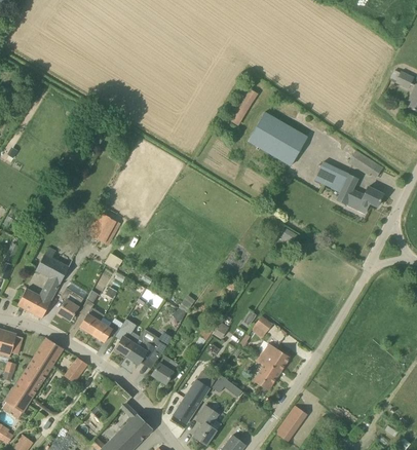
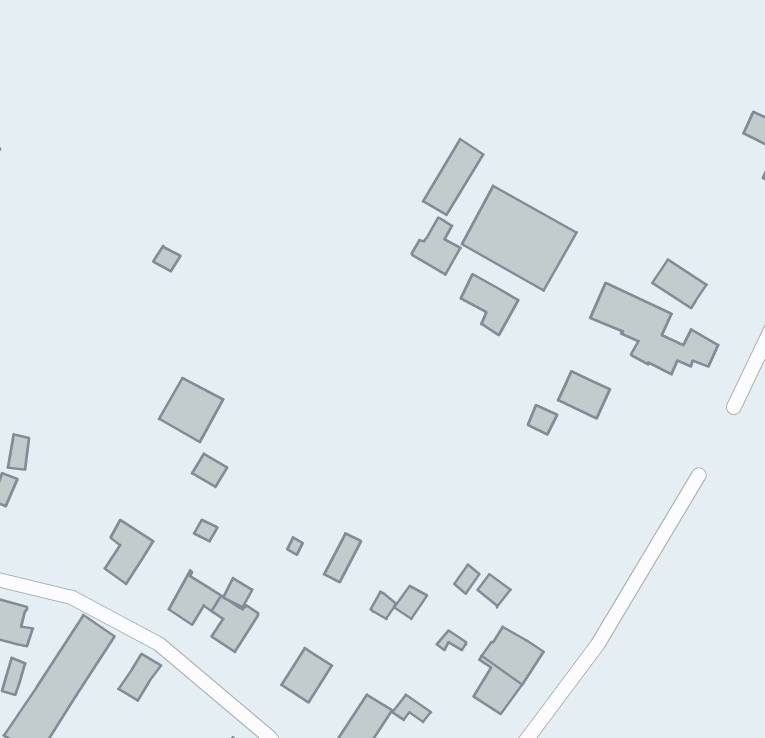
building: none -> [412,218,461,275]
building: none -> [461,274,518,335]
building: none -> [558,371,610,418]
building: [17,255,69,318] -> none
building: [79,291,103,335] -> none
building: [126,334,172,365] -> none

